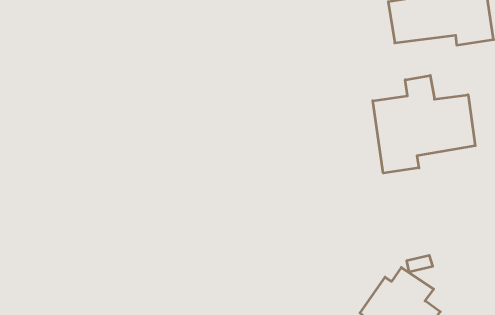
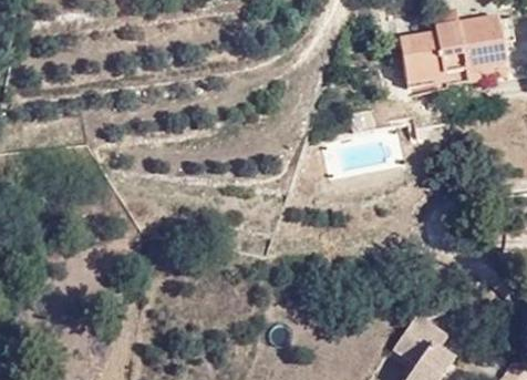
building: [373,75,475,173] -> none

